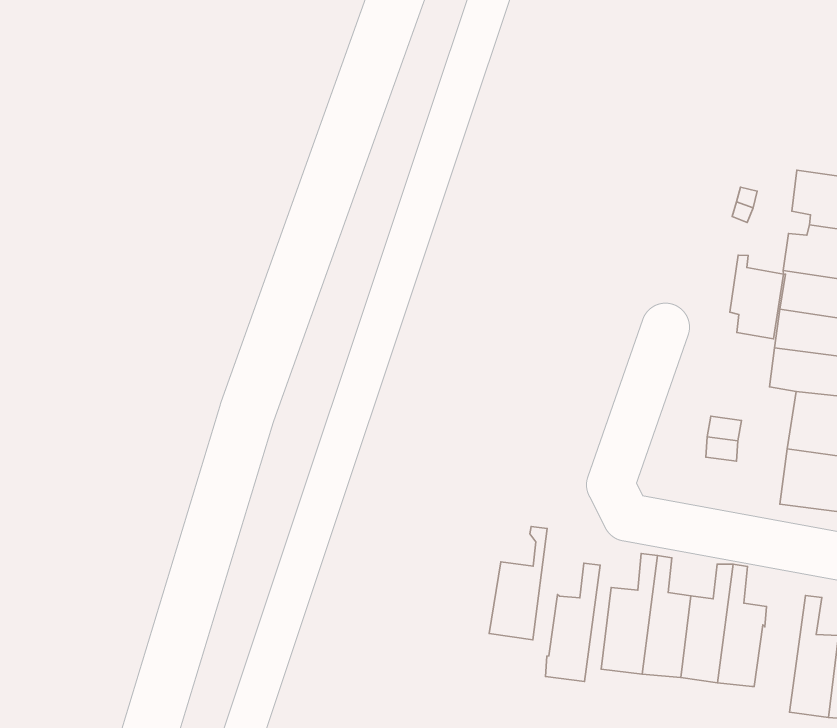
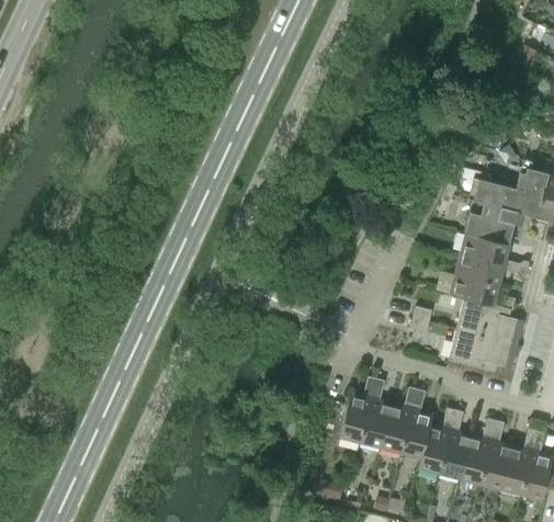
building: [730,255,784,339] -> none
building: [489,526,547,640] -> none
building: [545,563,600,682] -> [418,409,455,474]

